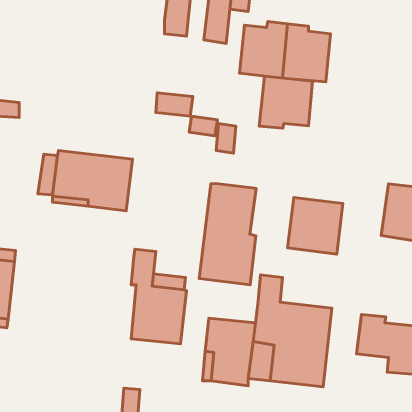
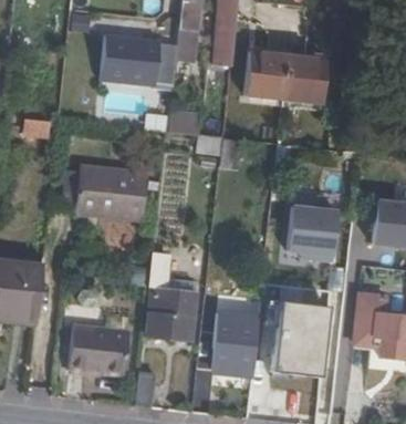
building: none -> [102,35,177,84]
building: [259,76,313,128] -> none
building: [199,184,256,285] -> none
building: none -> [70,324,128,374]

